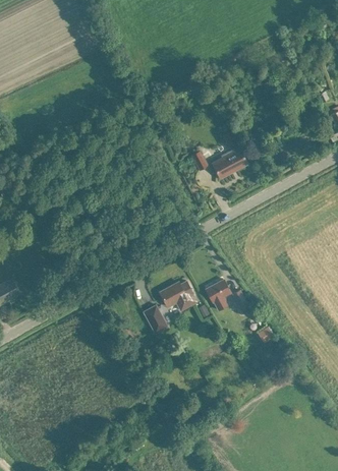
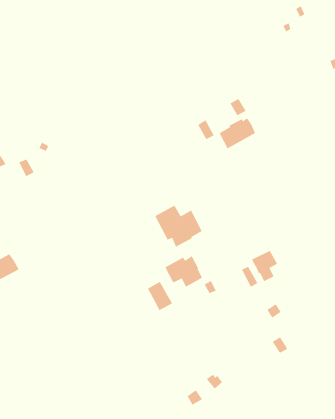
building: none -> [155,205,202,248]
building: [206,280,231,310] -> [251,250,278,282]

